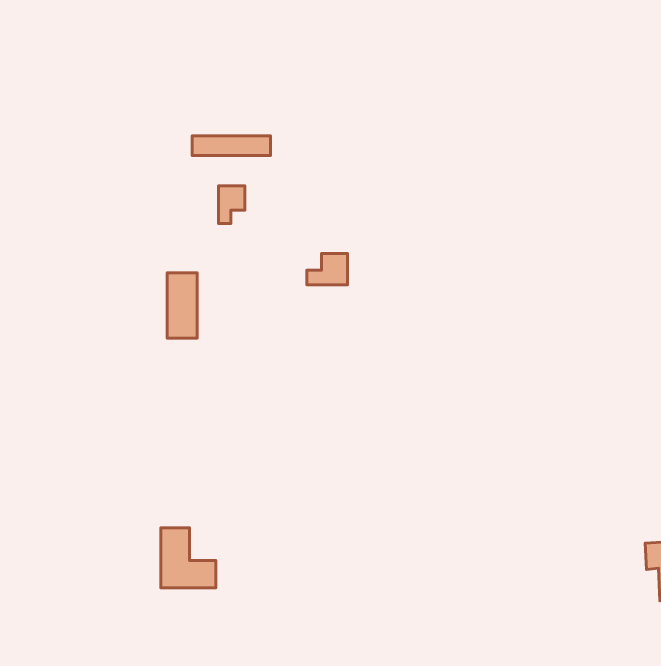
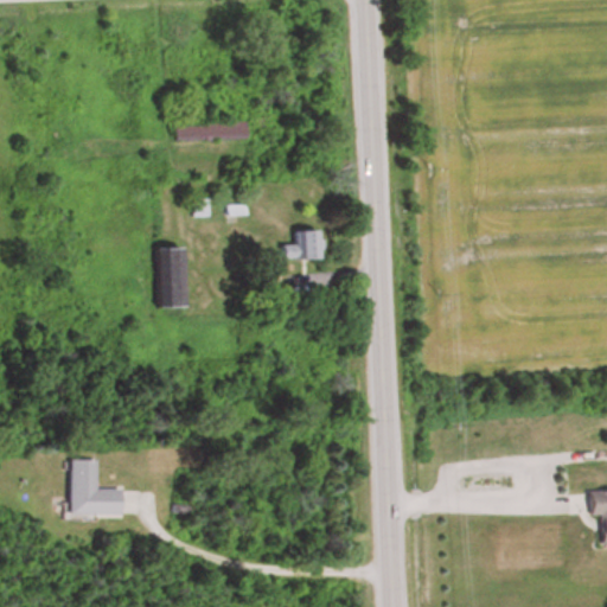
building: [219,186,245,224] -> none
building: [161,528,216,588] -> [74,460,123,515]

